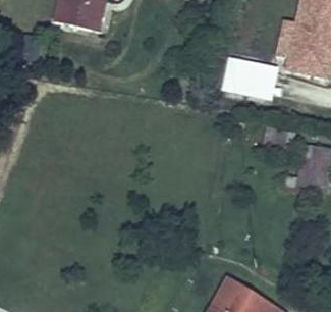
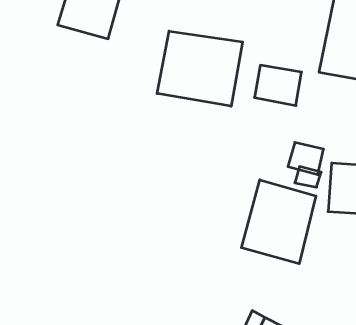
building: none -> [157,31,243,106]
building: none -> [241,180,316,264]

